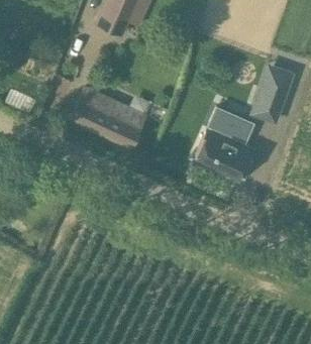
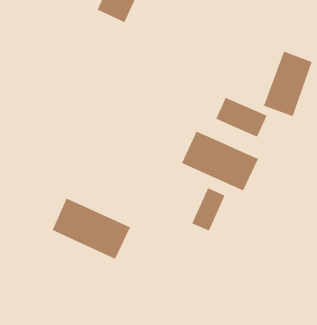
building: [72,90,145,147] -> [52,198,131,259]
building: none -> [192,188,225,231]

